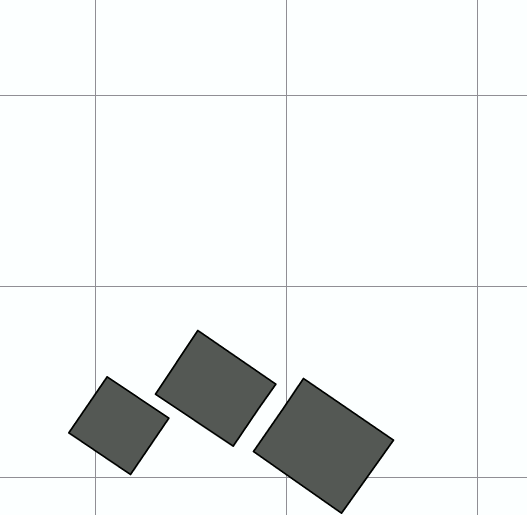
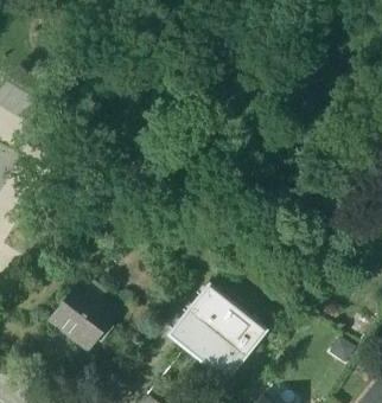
building: [156,331,276,446] -> none

